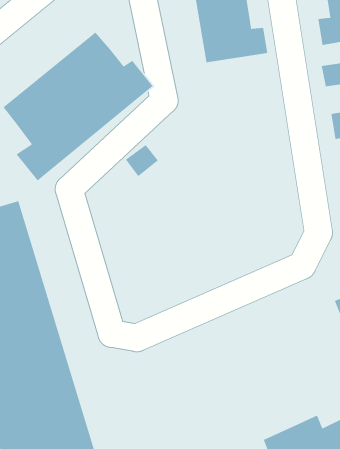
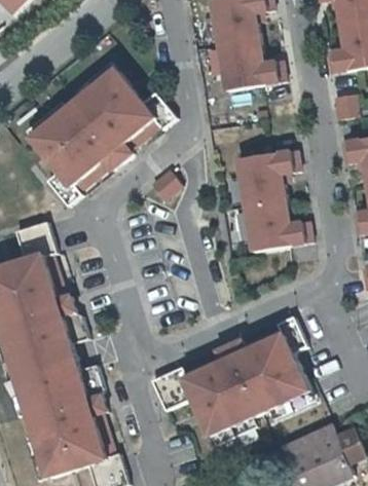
building: none -> [236,147,311,253]
building: none -> [150,313,317,439]

